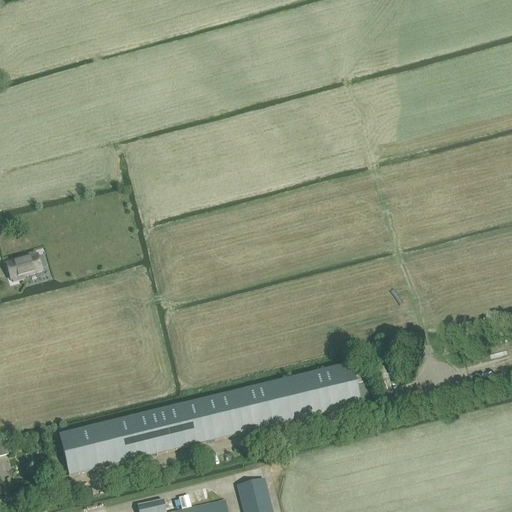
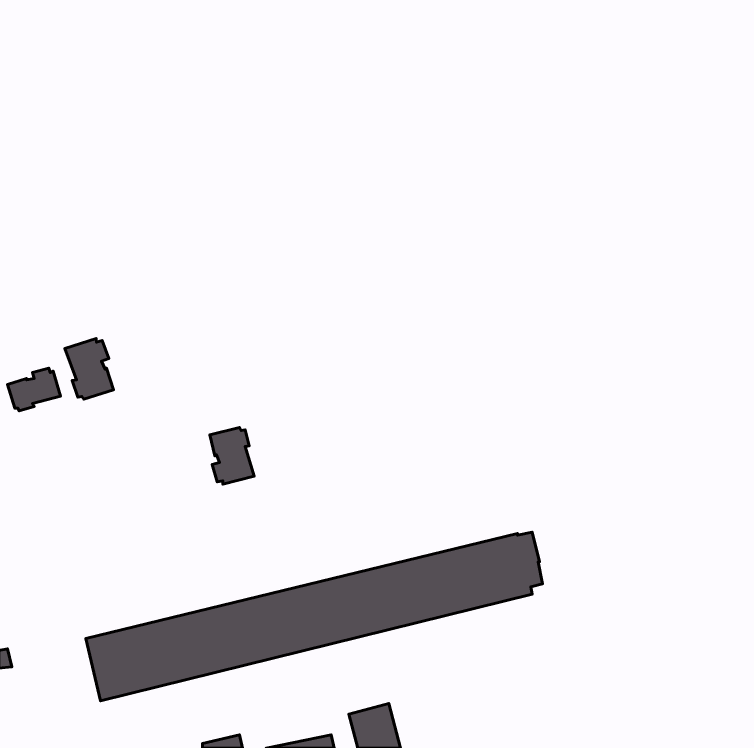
building: none -> [65,338,113,399]
building: none -> [210,428,254,484]

